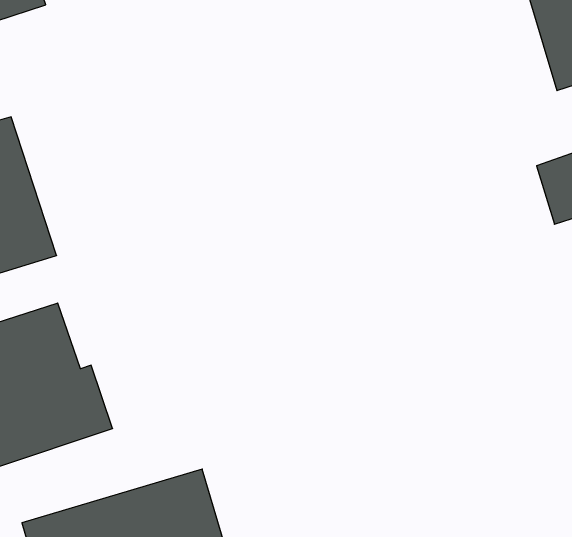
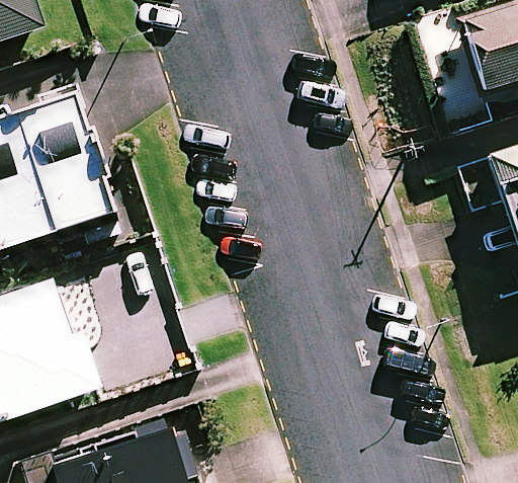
building: none -> [14,87,111,239]

